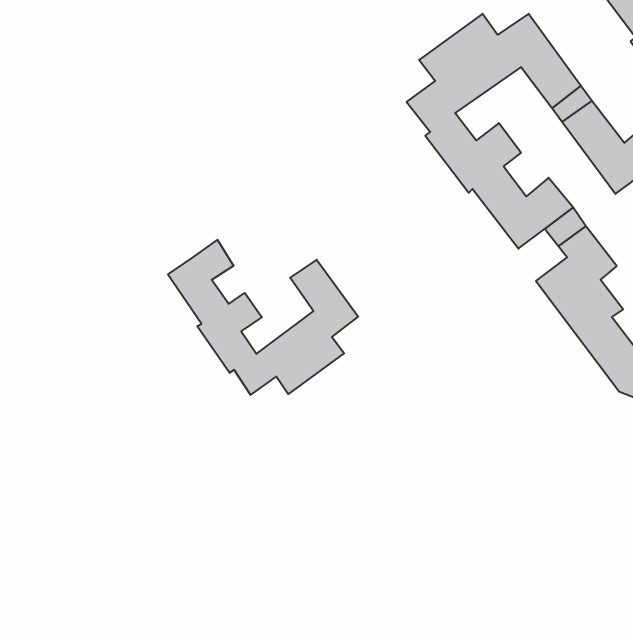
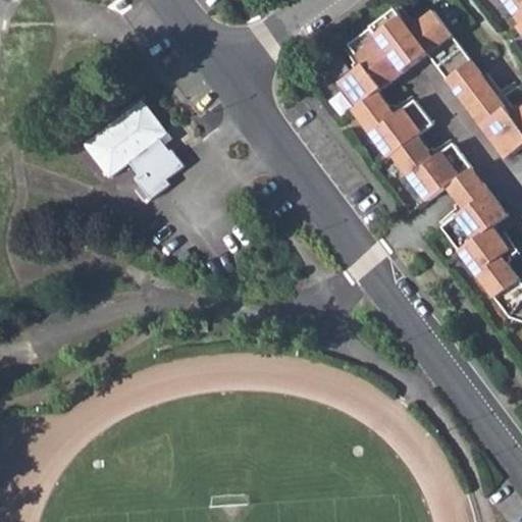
building: none -> [87,99,186,197]
building: [168,240,358,395] -> none

